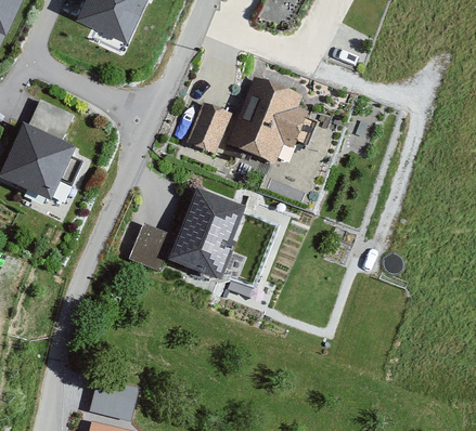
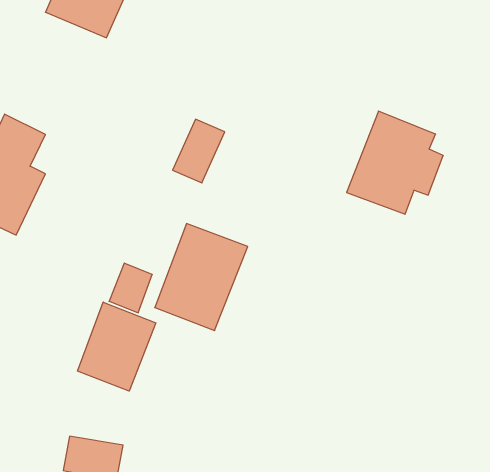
building: [226,77,308,165] -> [347,111,443,214]
building: none -> [77,302,156,391]

